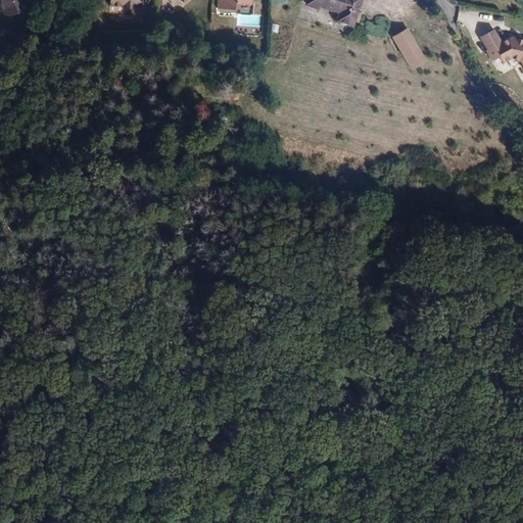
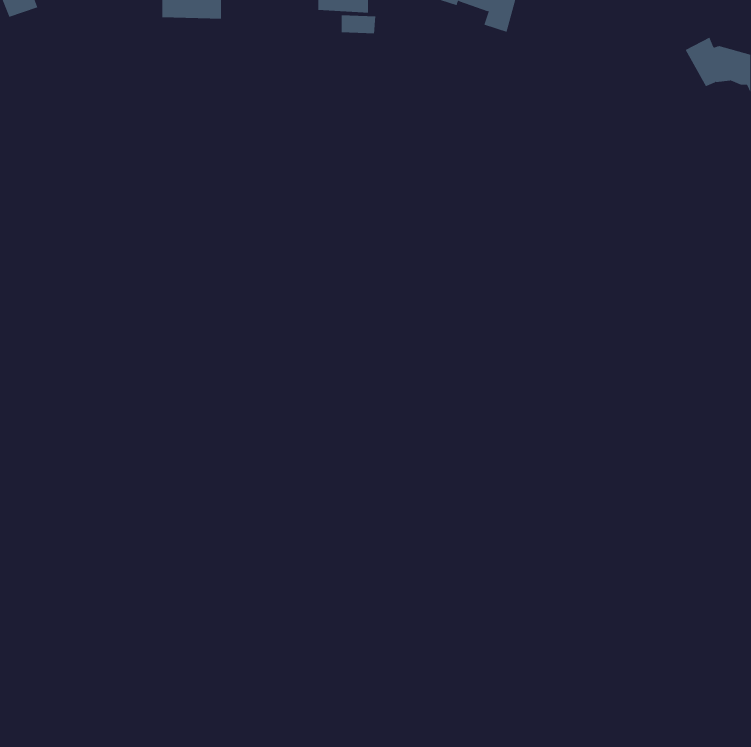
building: [390,26,427,69] -> none

